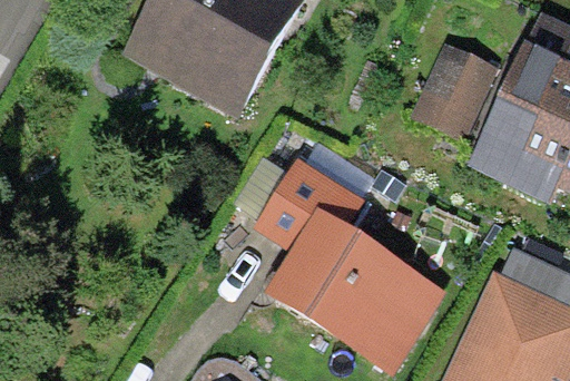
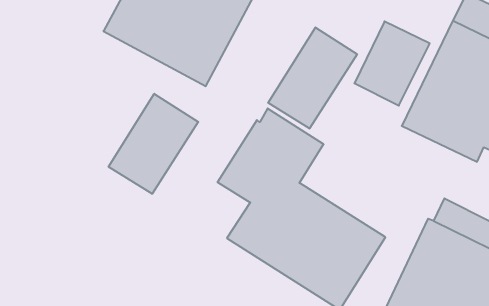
building: none -> [268,27,357,129]
building: none -> [109,94,198,194]

